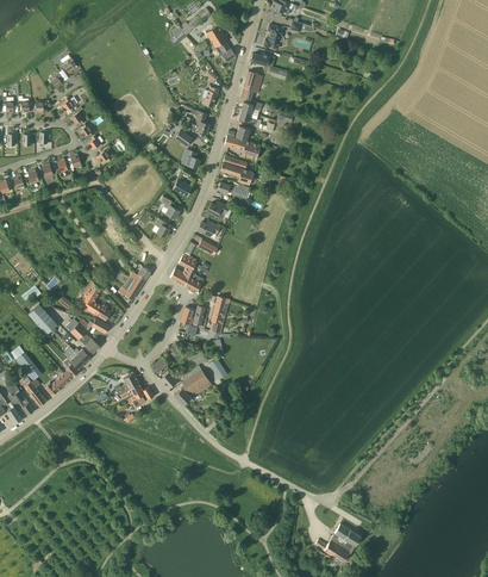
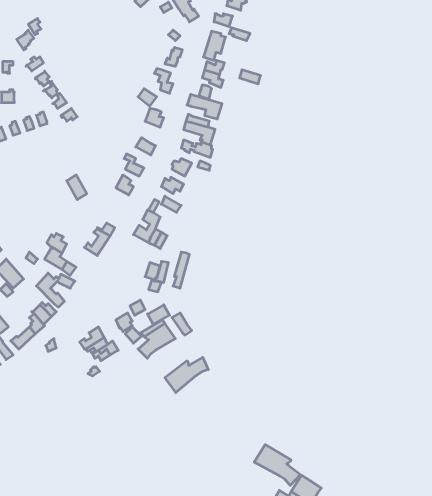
building: none -> [165,357,208,393]
building: none -> [254,445,300,485]

